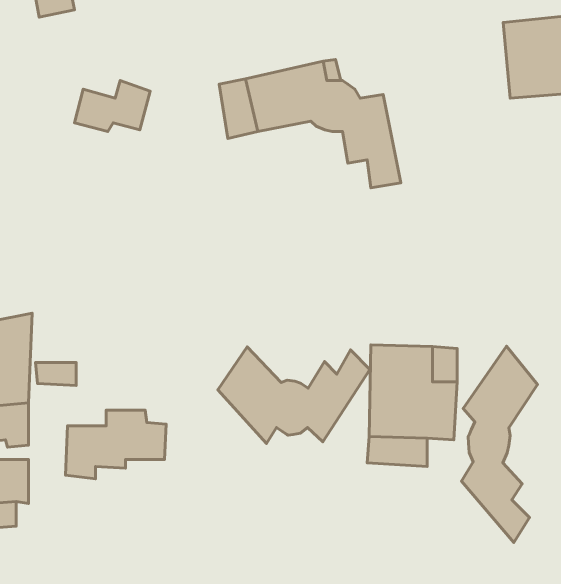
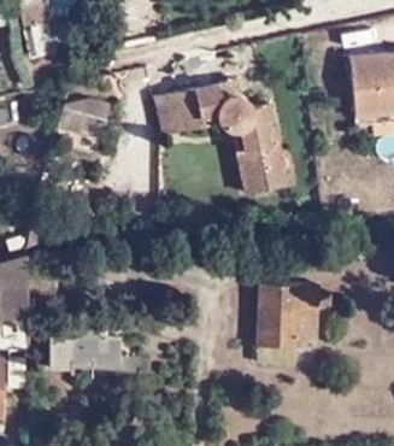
building: none -> [234,134,286,198]
building: [461,346,537,543] -> none
building: [218,347,370,444] -> none

